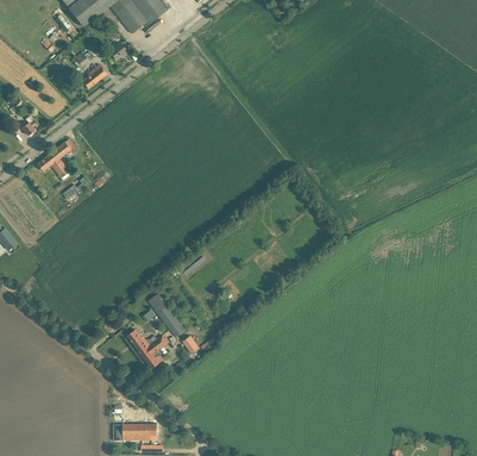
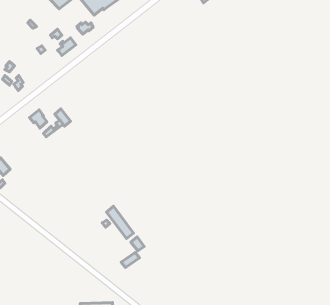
building: [127,330,169,368] -> none

